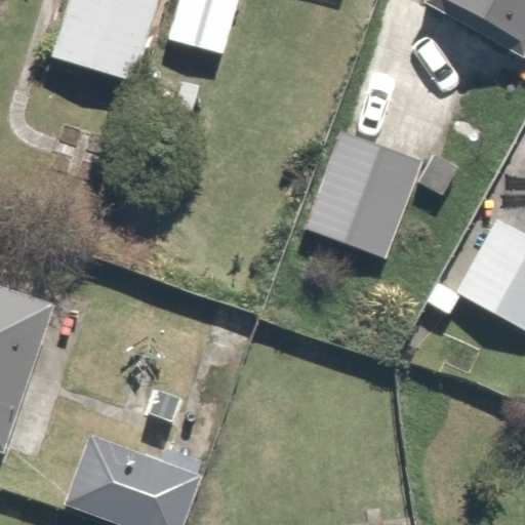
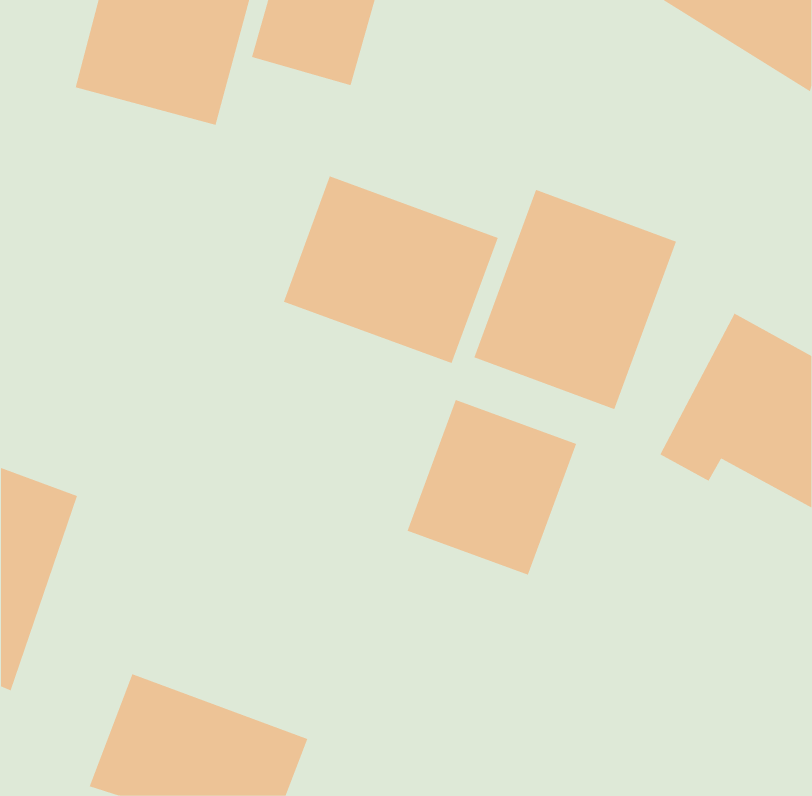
building: none -> [283,176,498,364]
building: none -> [407,399,577,575]

